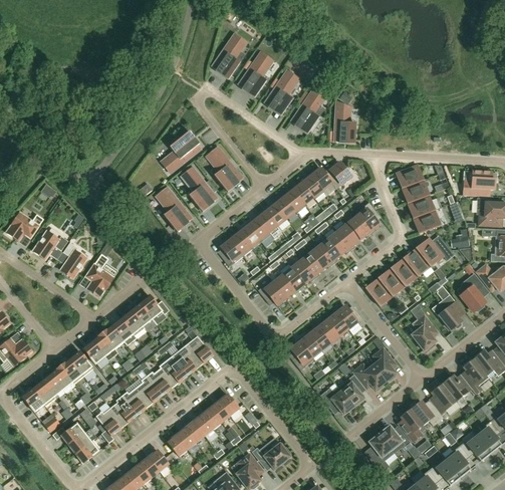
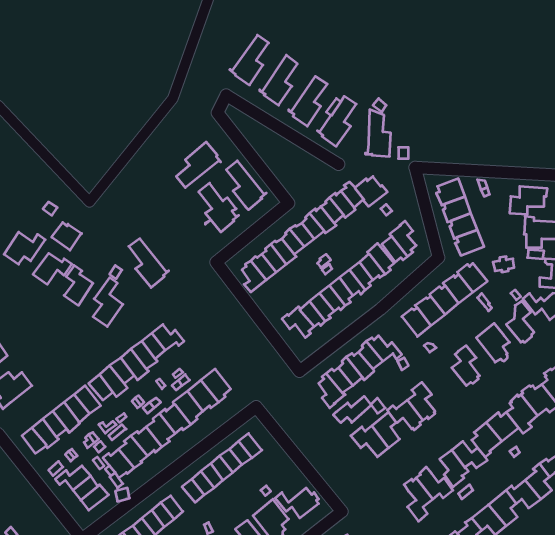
building: [157,188,193,232] -> [129,239,169,288]
building: none -> [52,222,82,250]
building: none -> [333,396,371,423]

